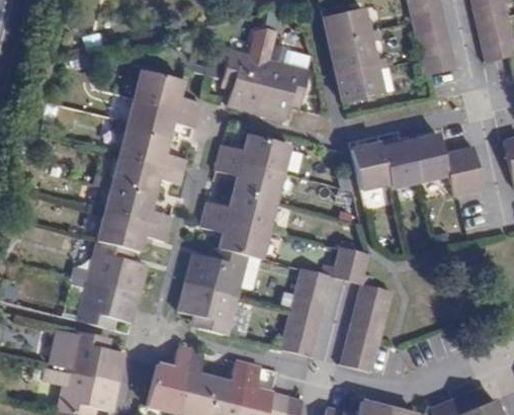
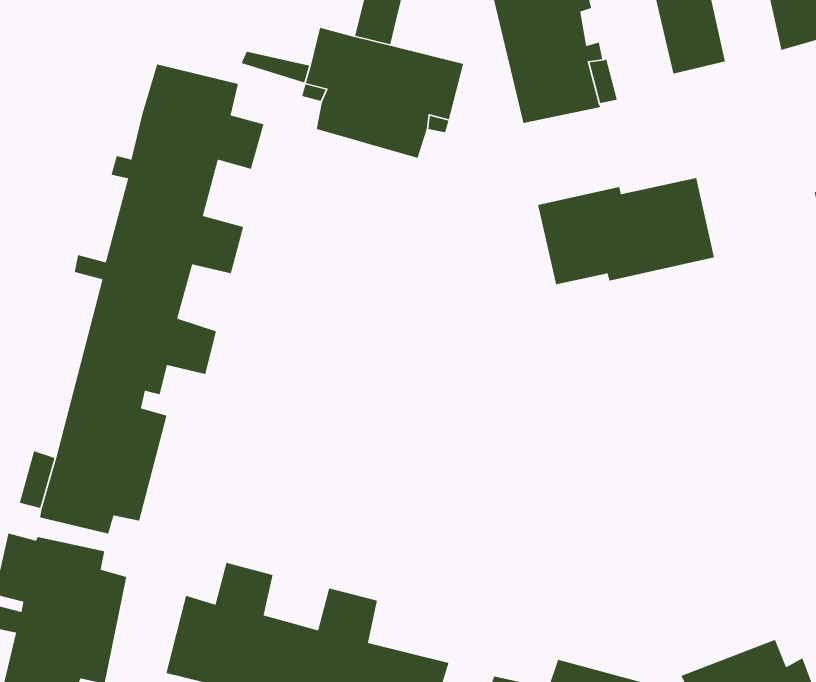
building: [177,135,291,336] -> none
building: [446,162,483,196] -> none
building: [279,247,391,372] -> none

